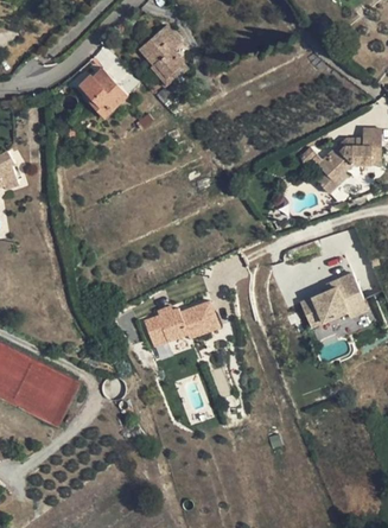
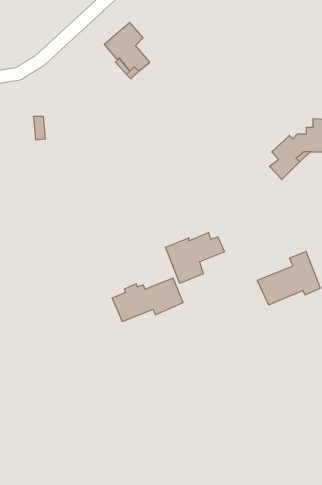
building: [77,68,127,117] -> none
building: none -> [166,232,225,283]

